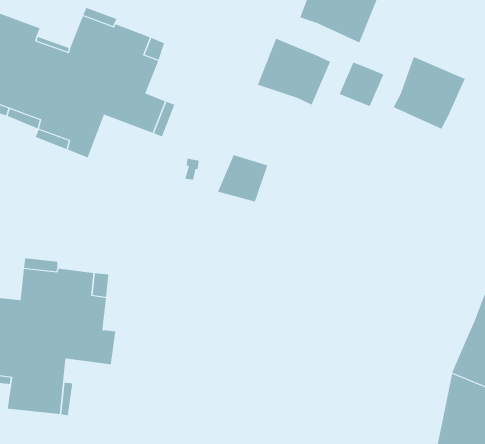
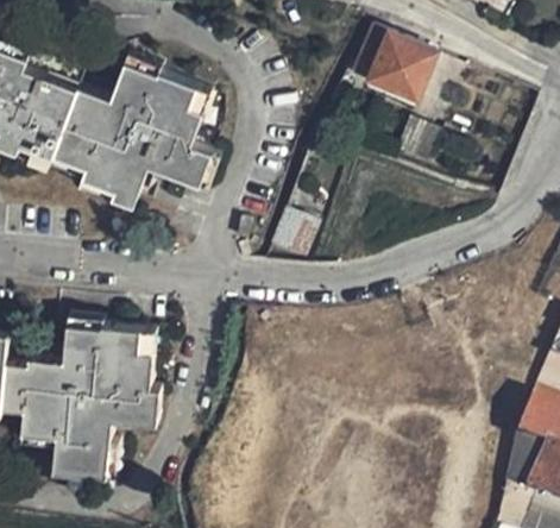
building: [257,38,331,106] -> none
building: [393,56,466,130] -> none

